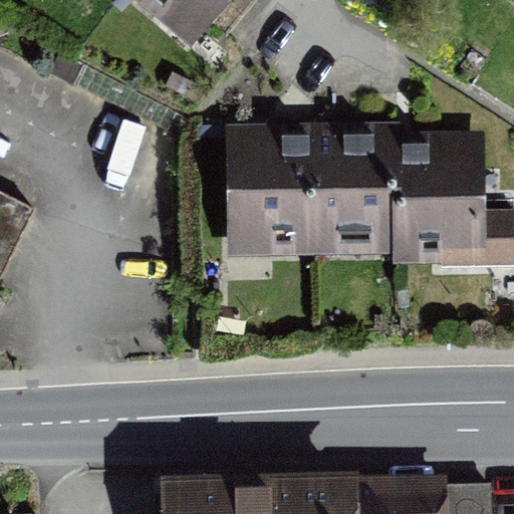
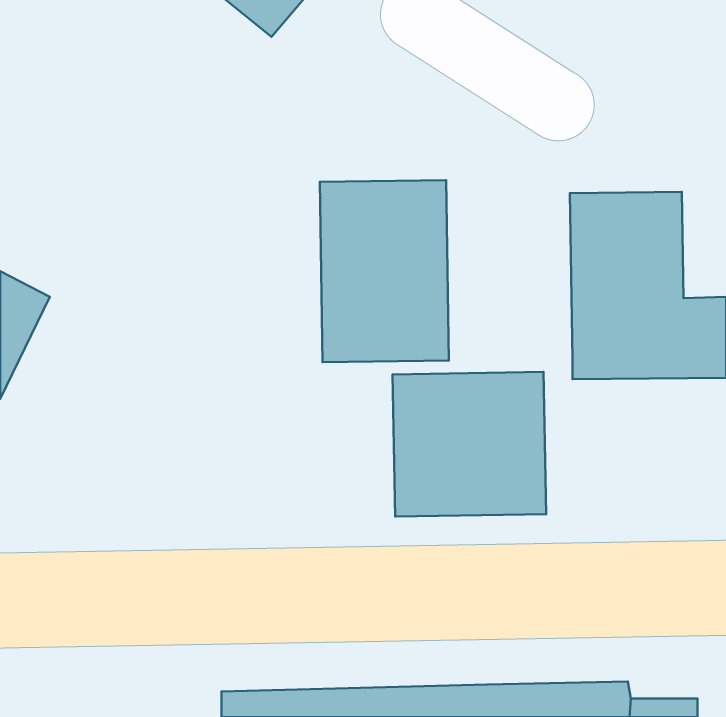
building: [315,126,405,255] -> none
building: none -> [393,372,546,516]

